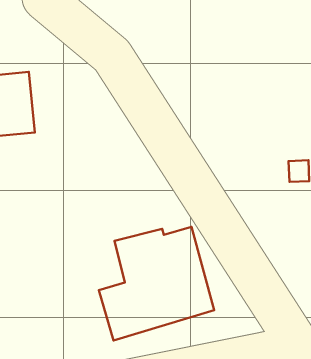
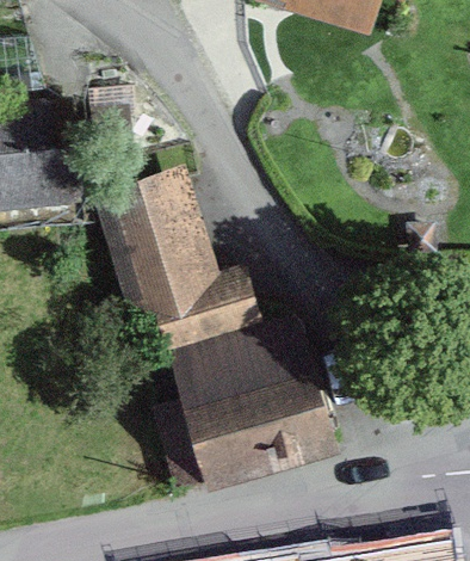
building: none -> [107,186,246,347]

